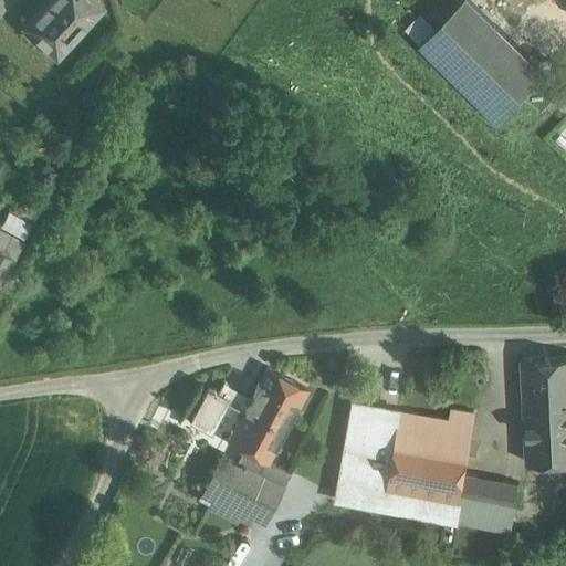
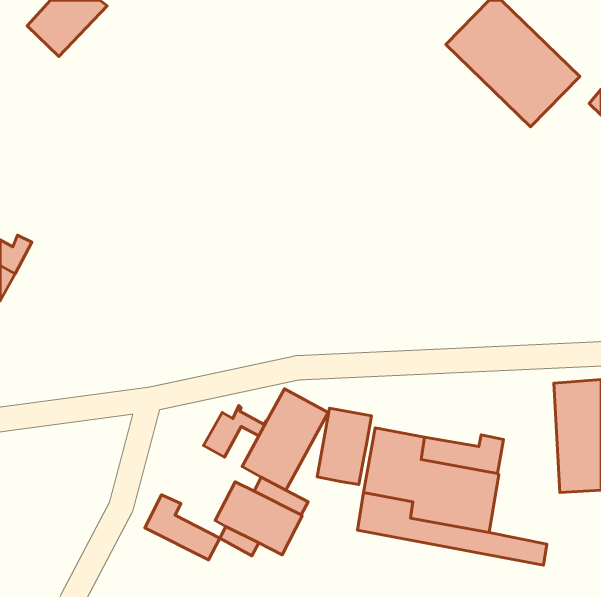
building: none -> [317,408,371,485]
building: none -> [145,495,220,560]
building: [460,478,518,515] -> none

